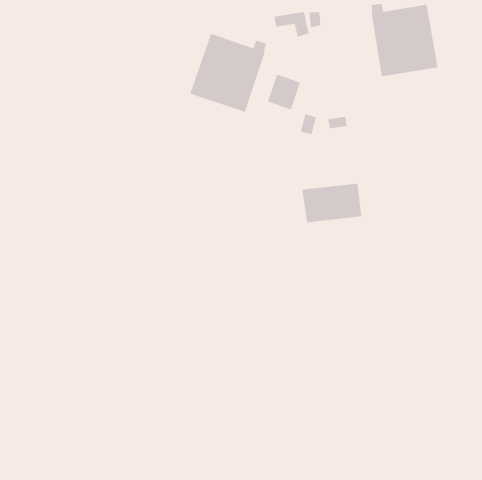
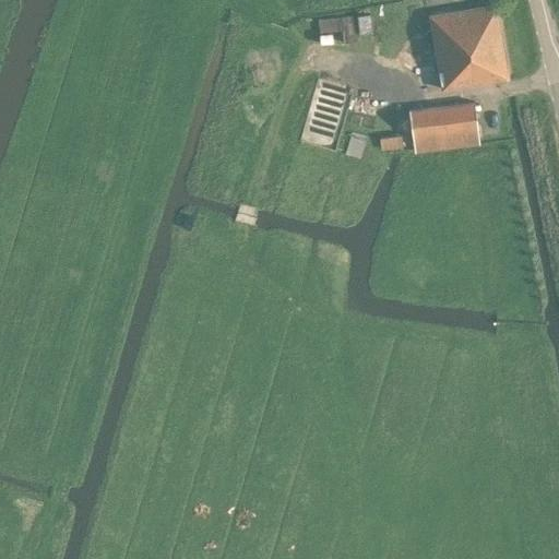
building: [189,33,267,113] -> none
building: [302,183,362,223] -> [408,105,478,152]

